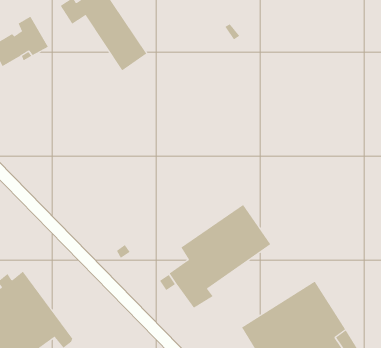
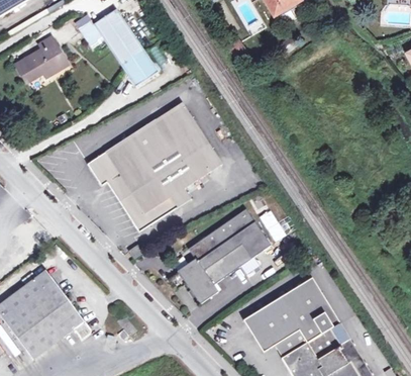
building: none -> [87,101,222,230]

